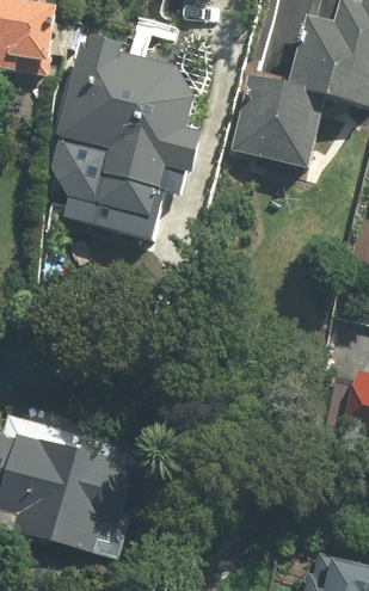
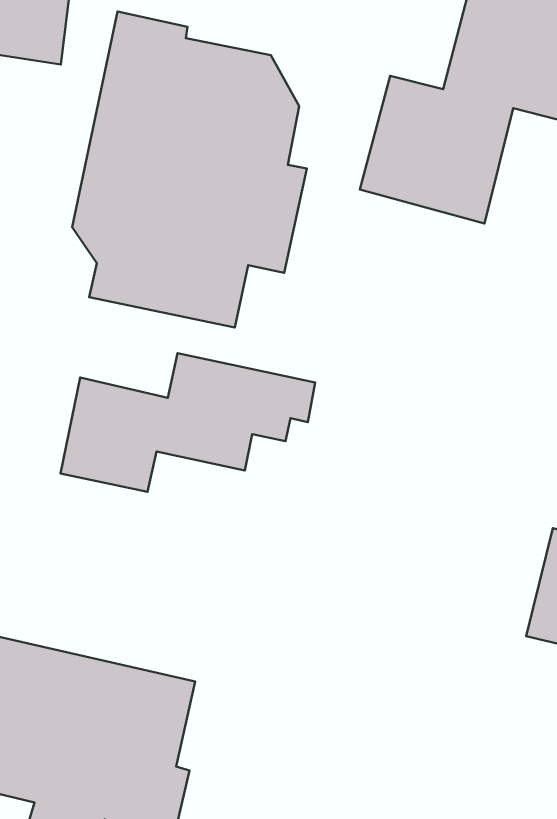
building: none -> [61,353,315,492]

